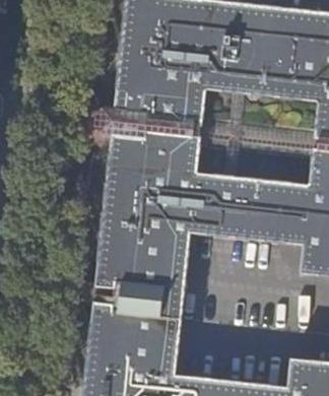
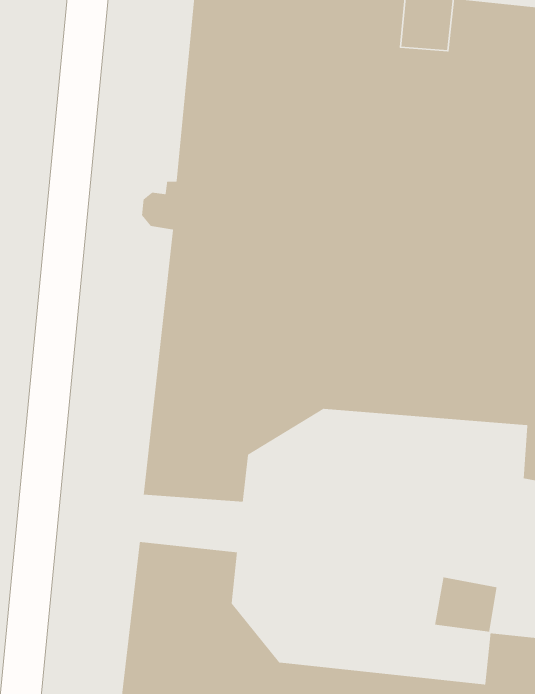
building: [94,235,197,375] -> none
building: none -> [434,576,497,632]

